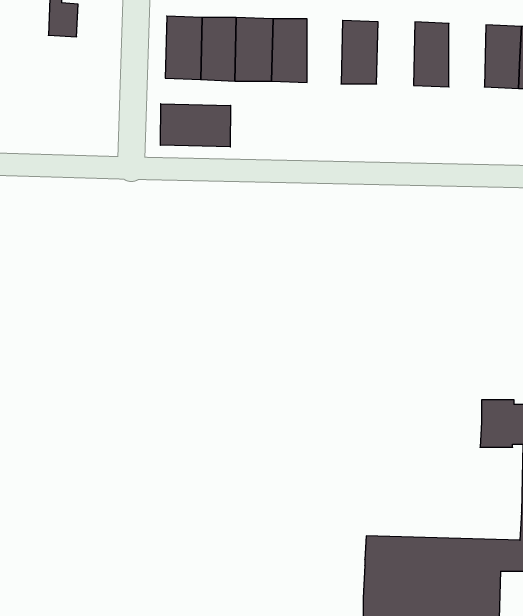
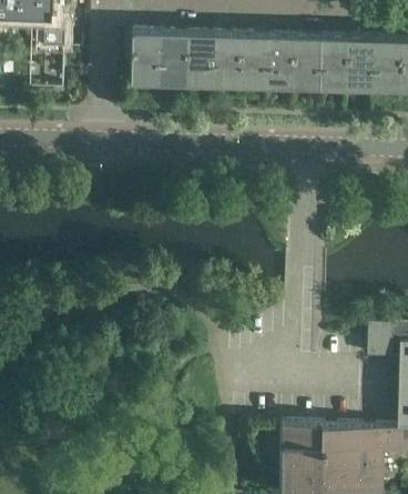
building: none -> [238,37,265,85]
building: none -> [290,39,319,87]
building: none -> [345,40,373,88]
building: [160,104,231,147] -> none

